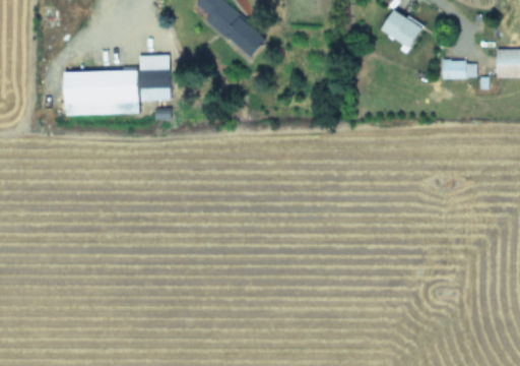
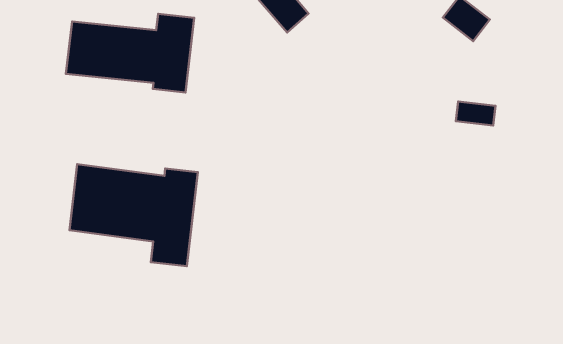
building: [442,61,474,78] -> [456,101,496,126]
building: none -> [69,164,198,266]

